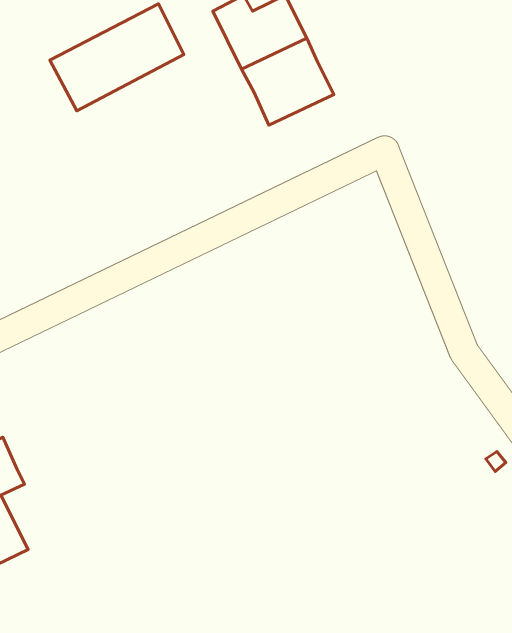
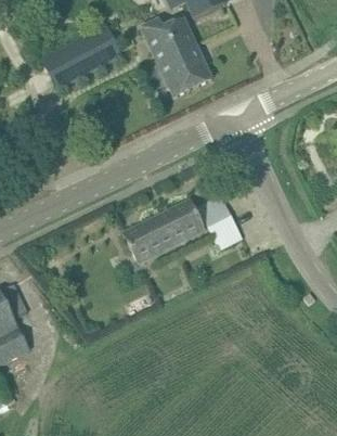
building: none -> [203,197,242,247]
building: none -> [122,201,204,262]

